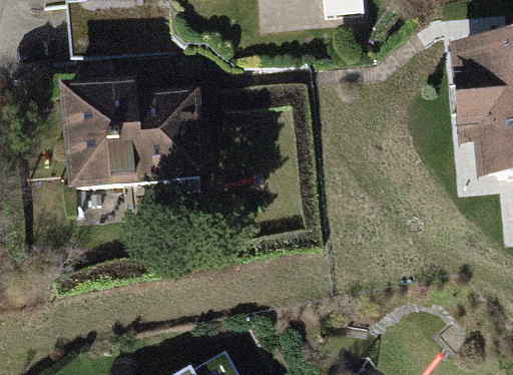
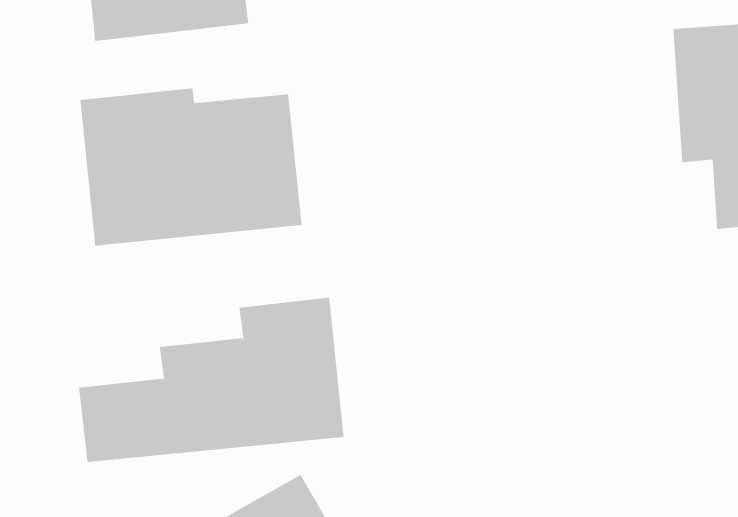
building: none -> [78,297,344,463]

